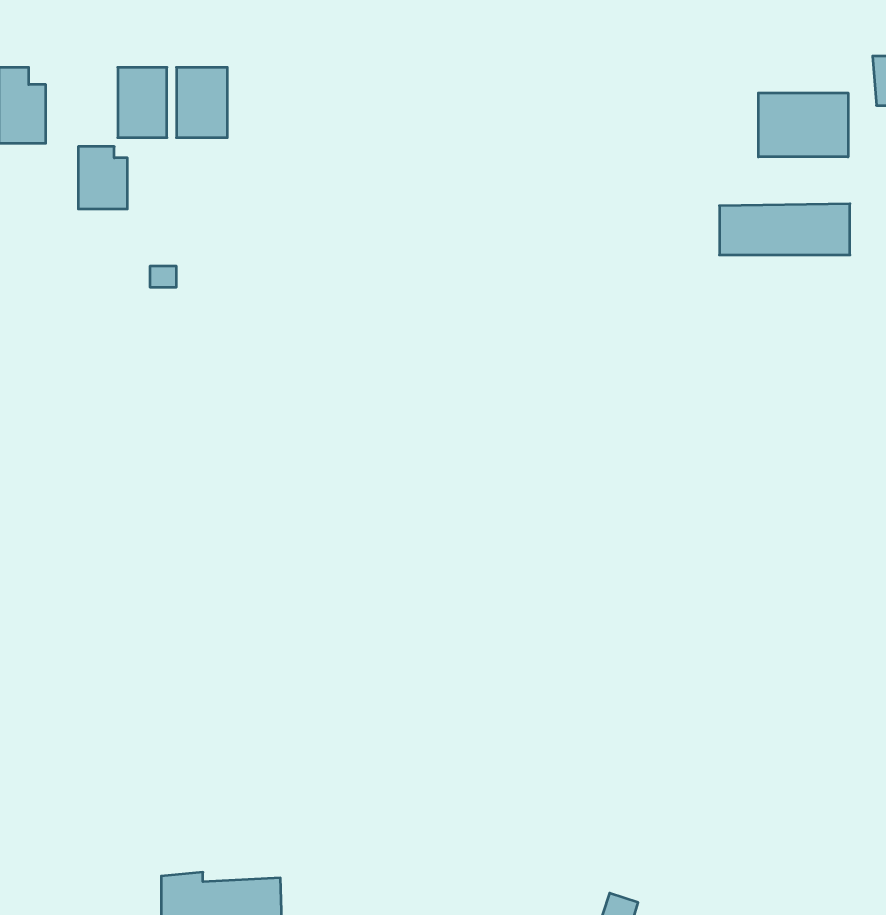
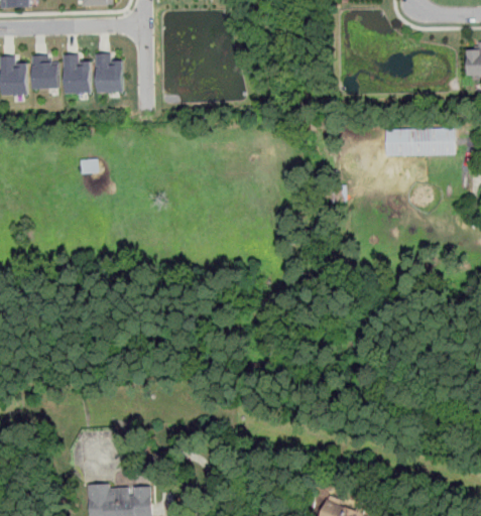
building: [758,93,848,157] -> none
building: [78,147,127,209] -> [31,55,57,89]

